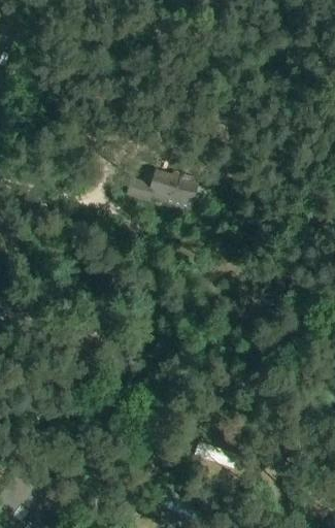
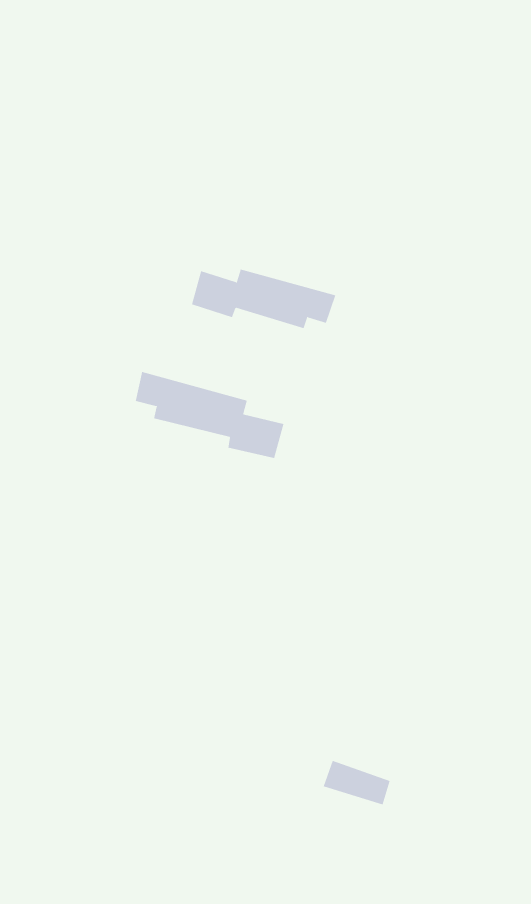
building: none -> [135,371,284,459]

